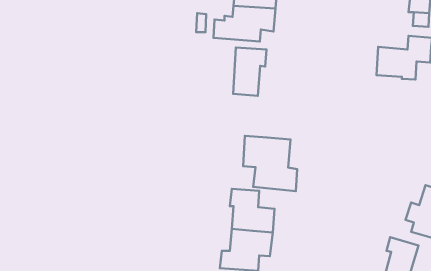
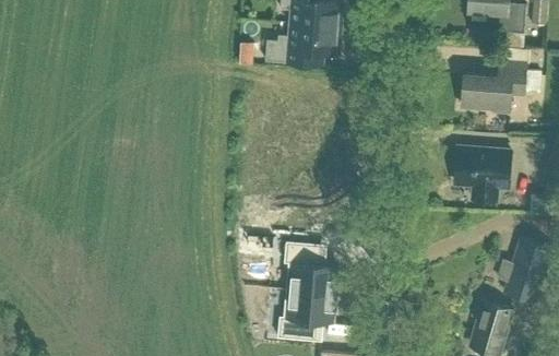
building: [233,47,266,96] -> none
building: none -> [455,146,511,200]
building: [243,136,297,191] -> none

